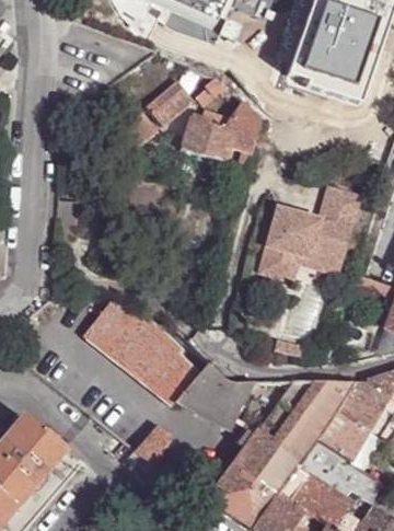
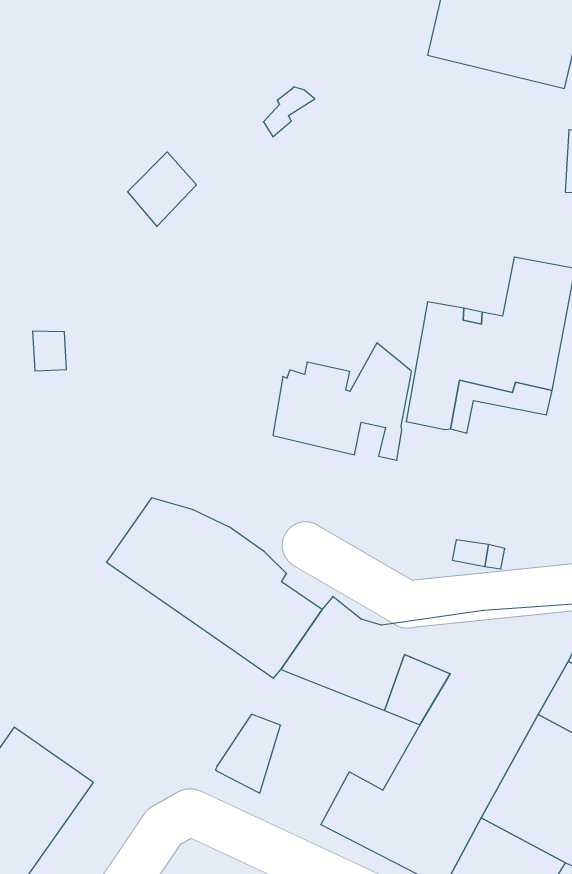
building: [146,81,193,125] -> none
building: [179,103,259,169] -> [273,343,411,460]

